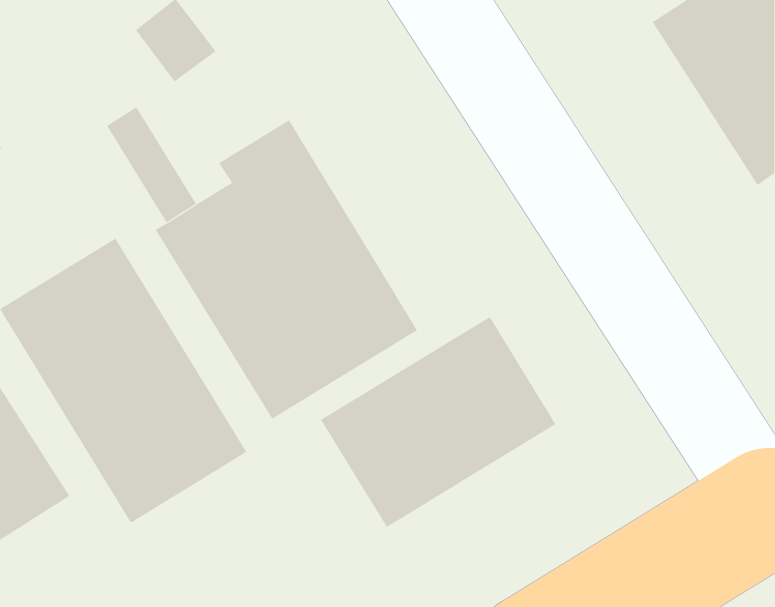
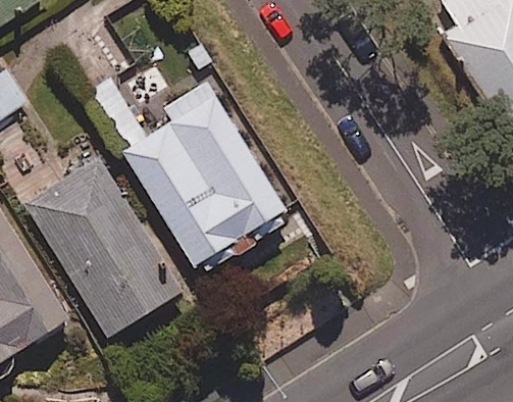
building: [320,316,556,528] -> none

